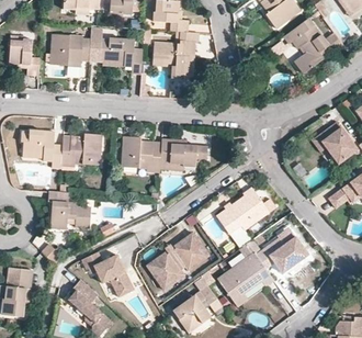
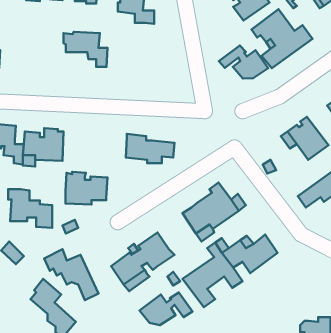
building: [154,31,199,78] -> none
building: [49,34,90,66] -> none
building: none -> [219,45,268,79]
building: [121,136,161,168] -> [66,172,107,205]

